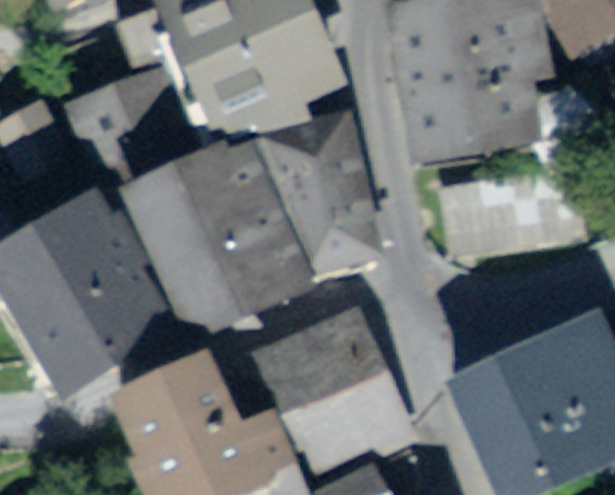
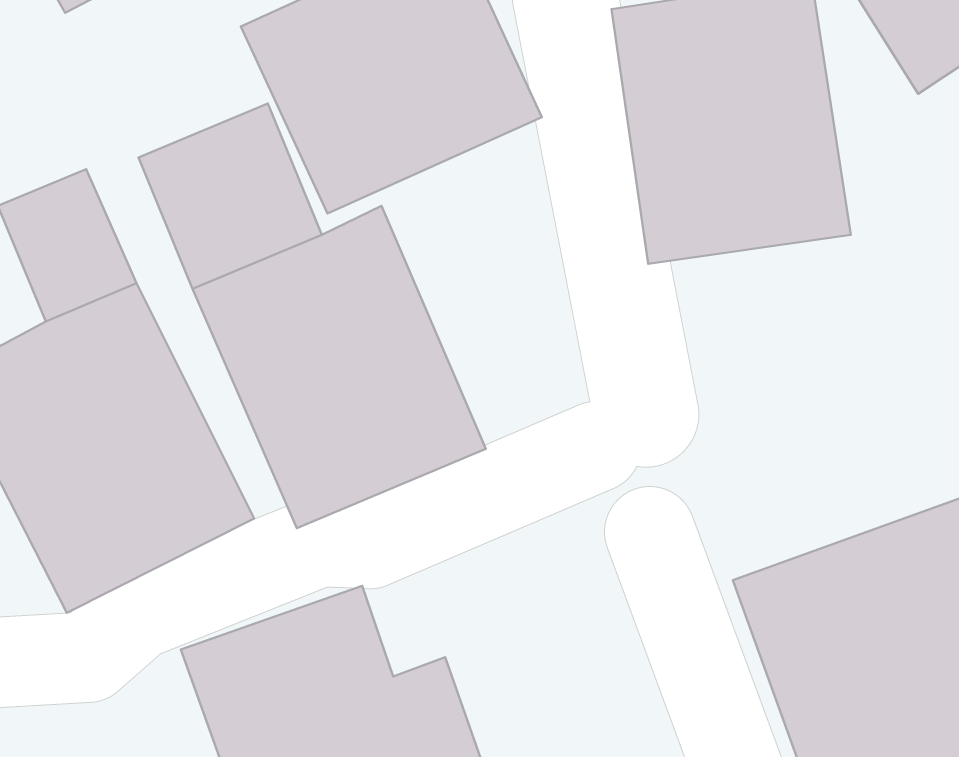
building: [267,113,381,257] -> none
building: [283,338,411,461] -> none

